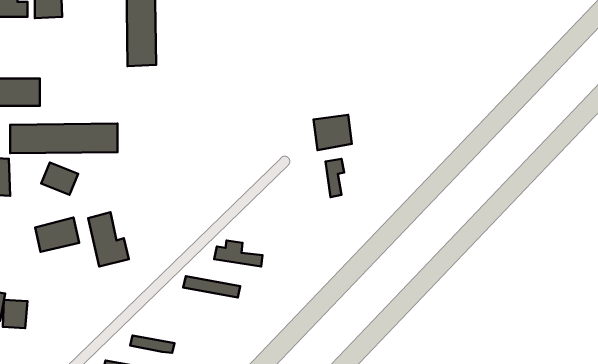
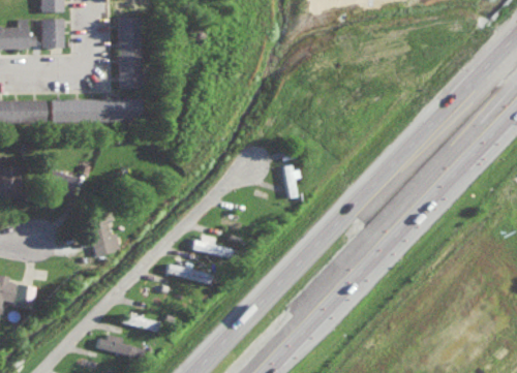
building: [314,115,352,150] -> none
building: [10,124,118,153] -> [51,99,141,124]
building: [35,217,79,252] -> none

